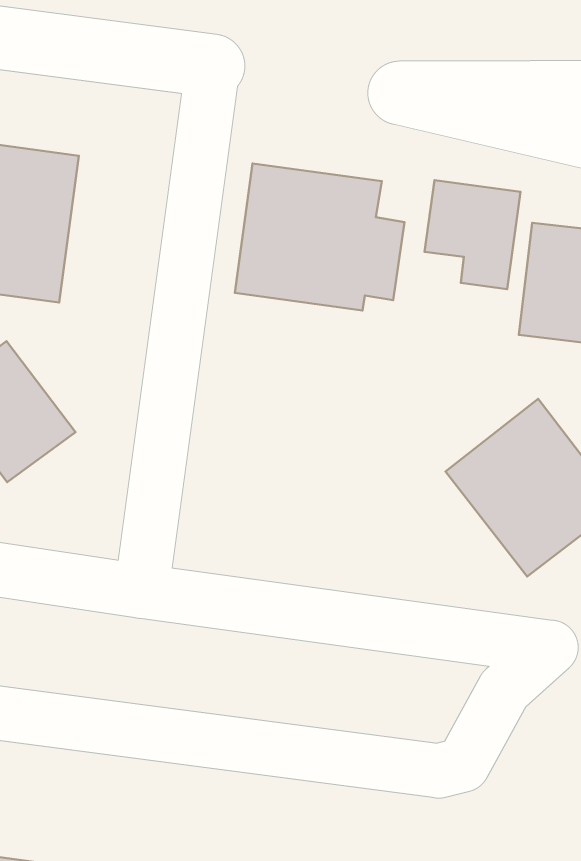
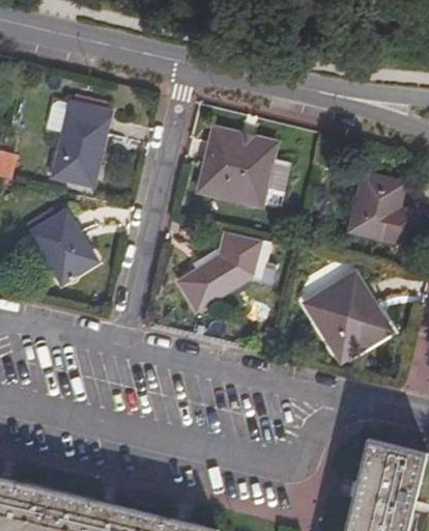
building: [425,180,520,289] -> none
building: none -> [172,229,276,313]

